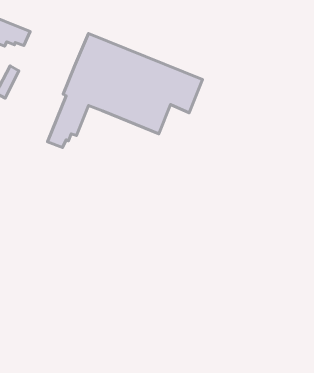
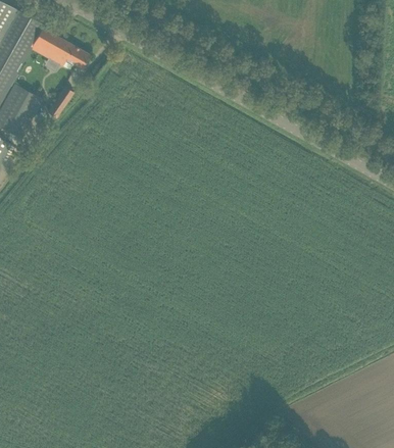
building: [47,34,202,148] -> none

